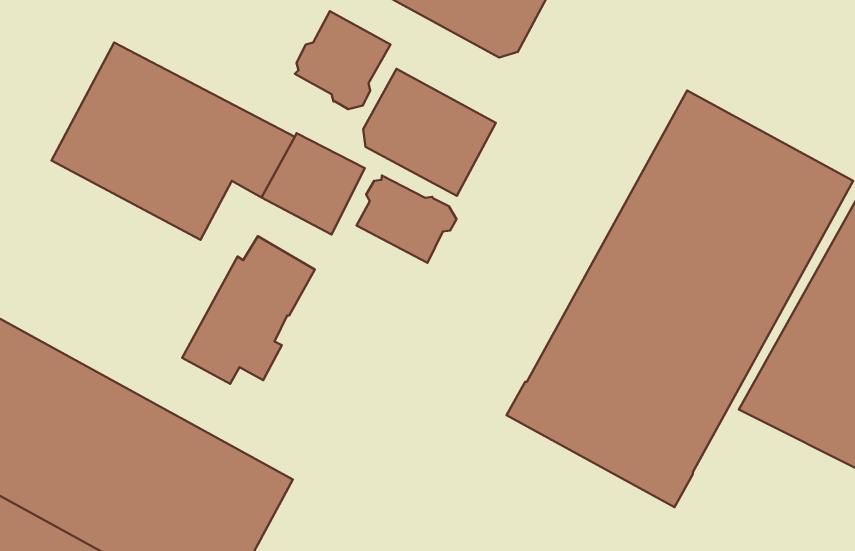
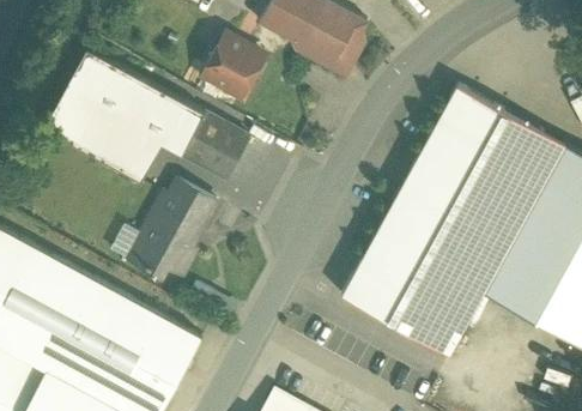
building: [363,69,496,196] -> none
building: [357,175,457,263] -> none

